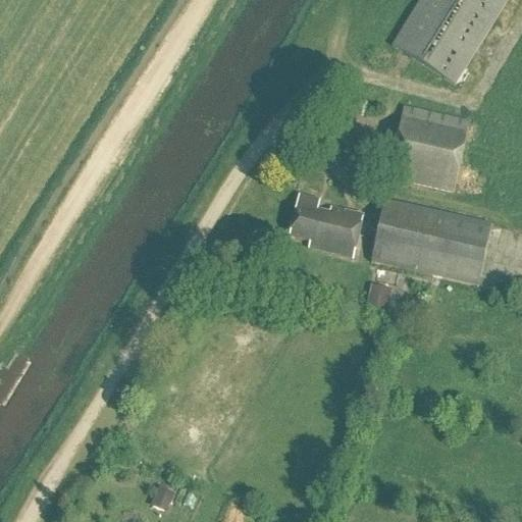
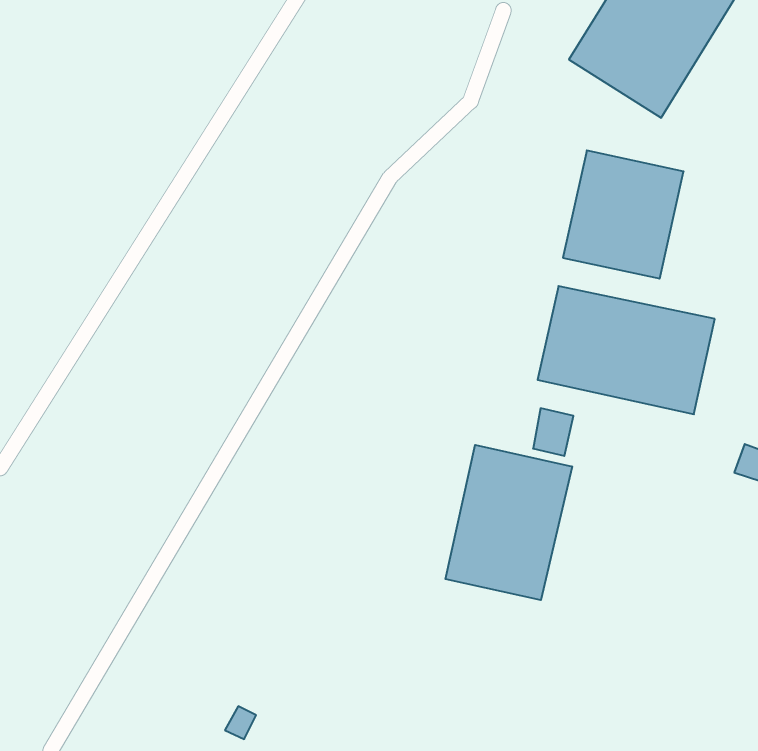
building: [290,194,363,258] -> none
building: none -> [445,445,572,600]

